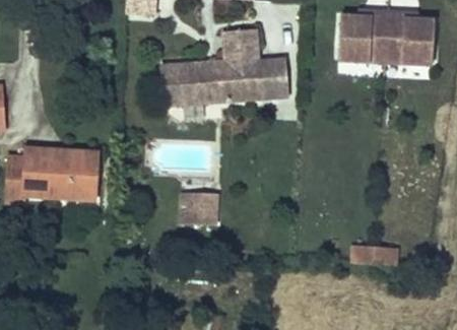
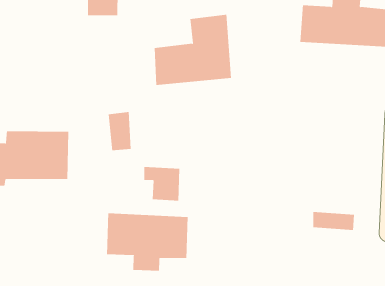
building: [267,57,292,95] -> none
building: [161,63,187,106] -> [108,111,131,151]
building: none -> [106,212,188,272]

